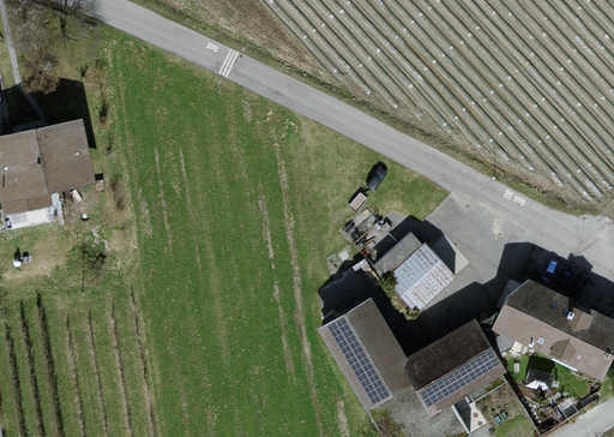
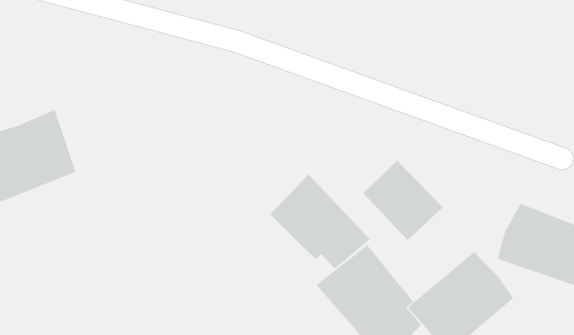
building: none -> [269,173,371,269]

